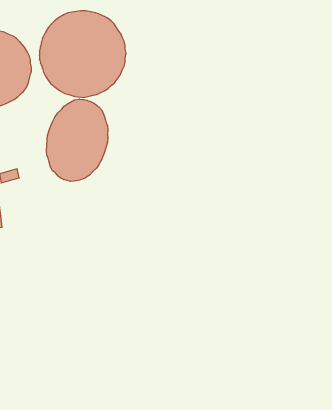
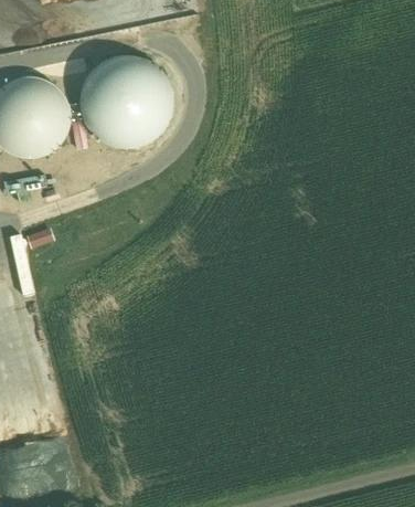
building: [46,99,108,181] -> none

